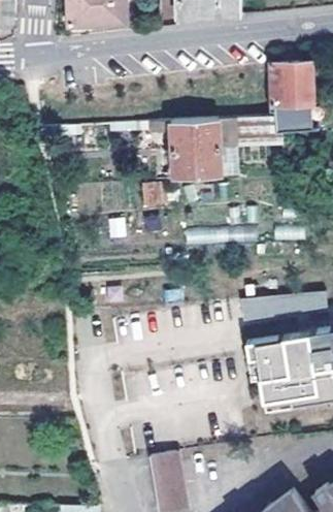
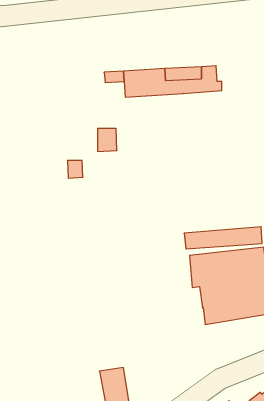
building: [268,60,312,131] -> none
building: [173,145,240,179] -> none

